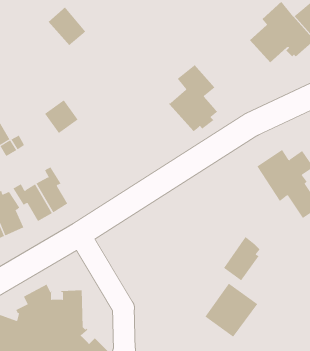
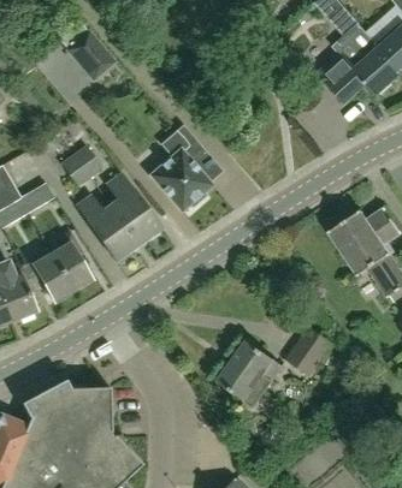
building: [168,65,218,133] -> [149,125,212,210]
building: none -> [76,172,160,258]
building: [205,283,258,338] -> [215,339,283,407]

